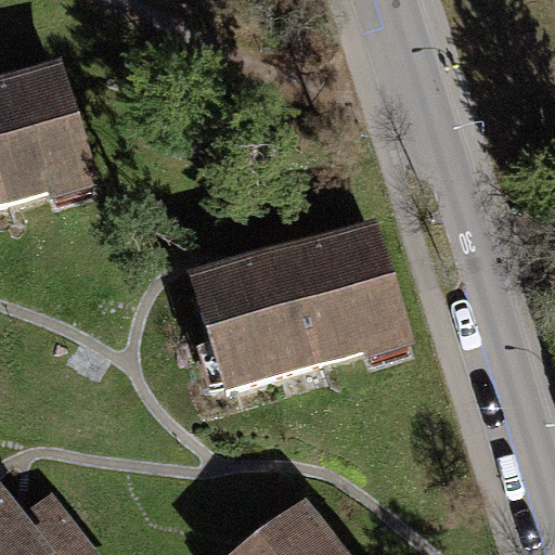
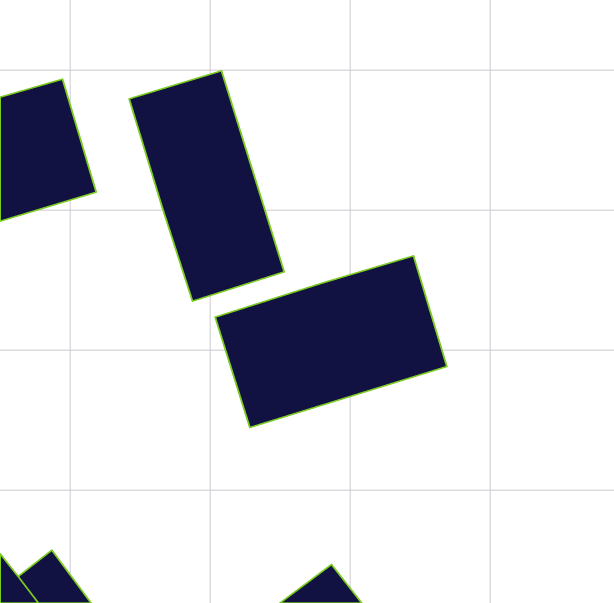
building: none -> [129,71,284,301]

